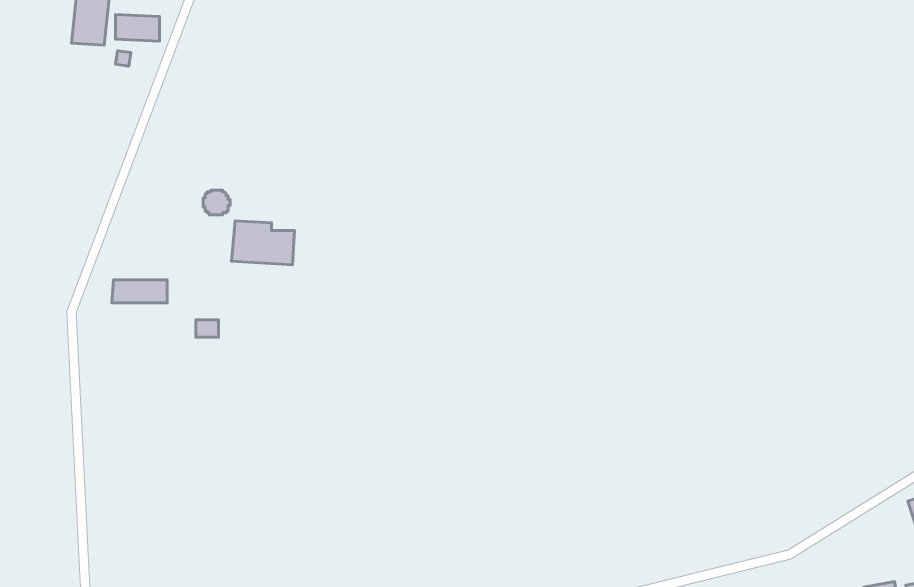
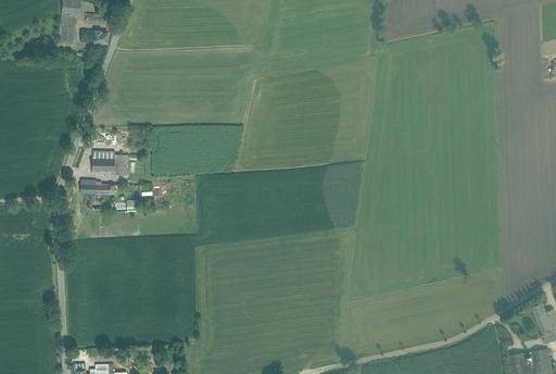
building: [231,221,294,265] -> [94,150,130,175]

